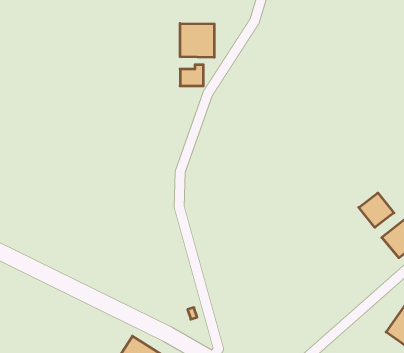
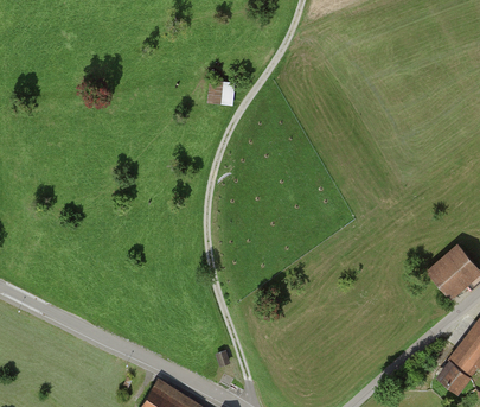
building: [180,23,214,57] -> none
building: [359,193,394,227] -> none

